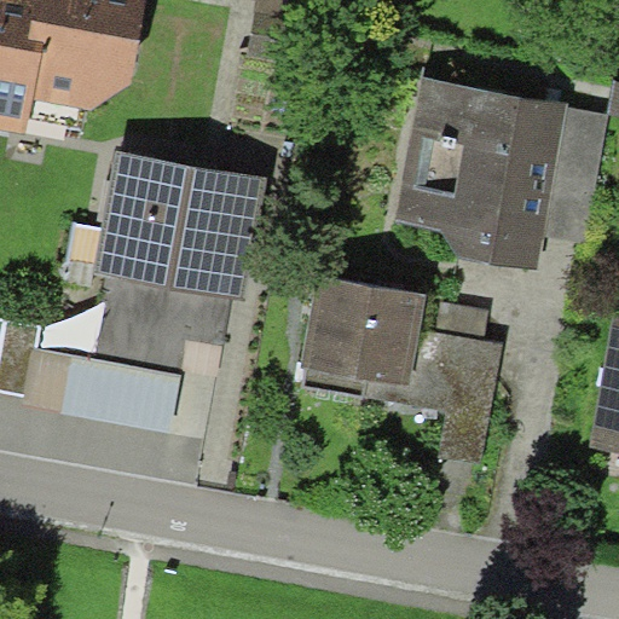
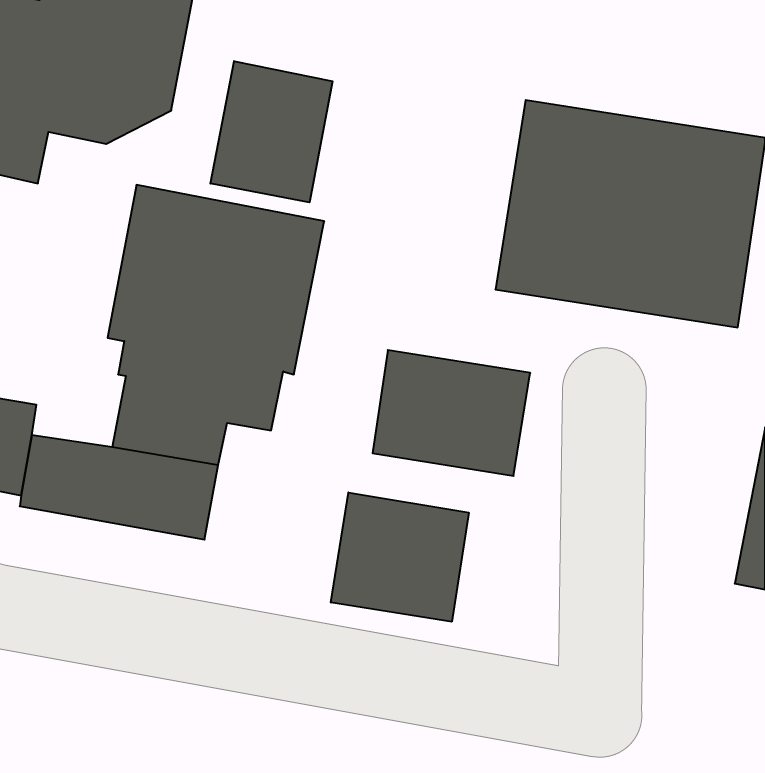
building: none -> [210,61,333,202]
building: none -> [331,492,469,622]

